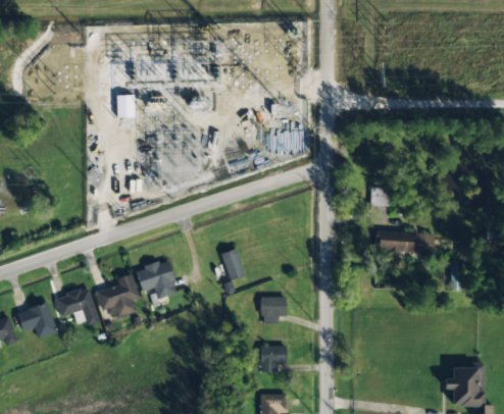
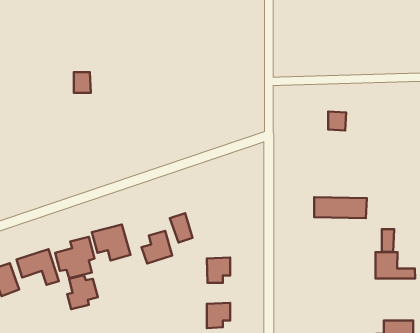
building: [370,187,390,207] -> [328,112,346,130]
building: none -> [142,231,172,263]
building: none -> [375,252,415,279]
building: none -> [67,275,98,309]

